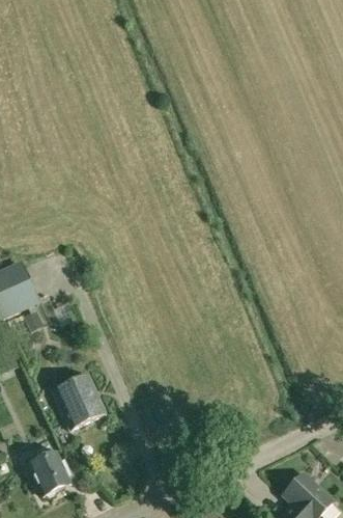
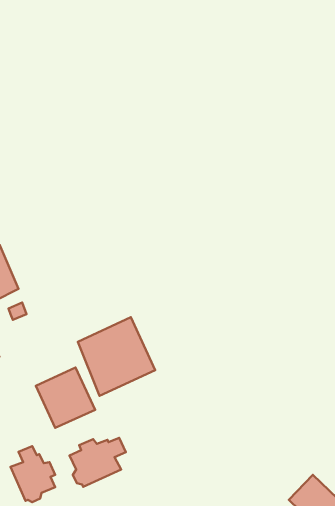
building: none -> [78,317,155,396]
building: none -> [70,438,126,487]

